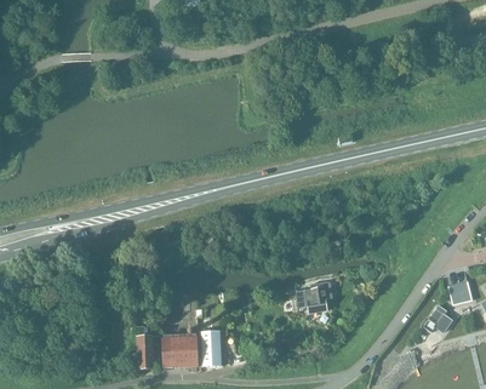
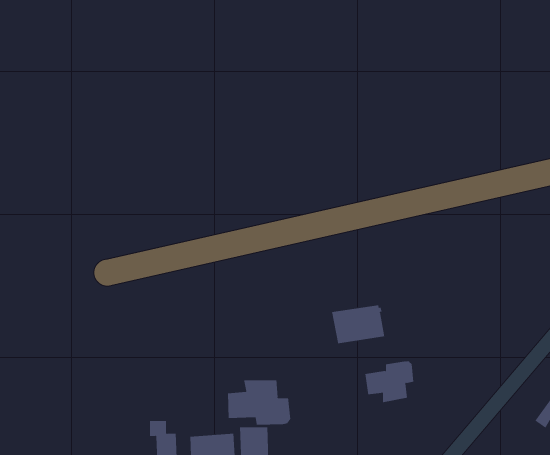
building: none -> [332,304,385,344]
building: none -> [227,379,291,426]

